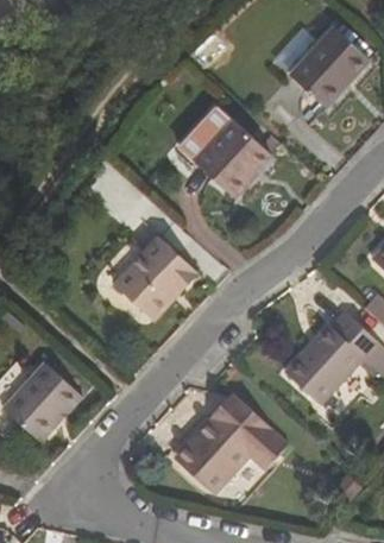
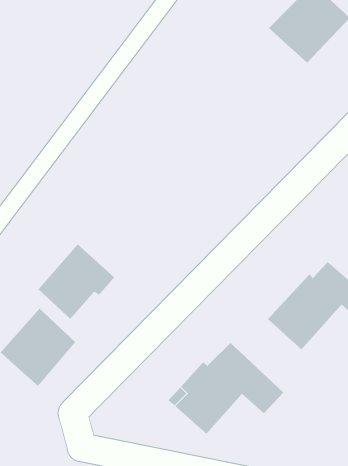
building: [177,103,269,196] -> none
building: [114,236,195,316] -> [37,243,115,320]

